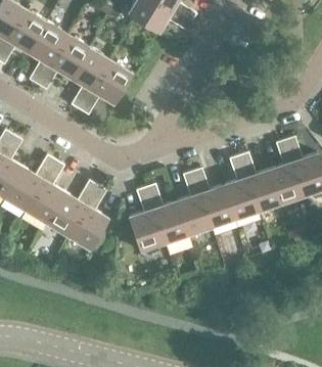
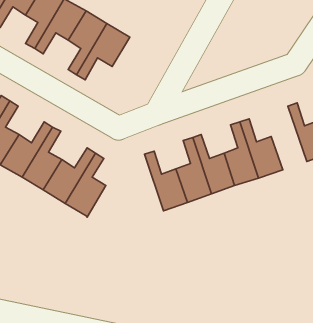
building: [269,140,304,202] -> none
building: [129,187,164,250] -> none

